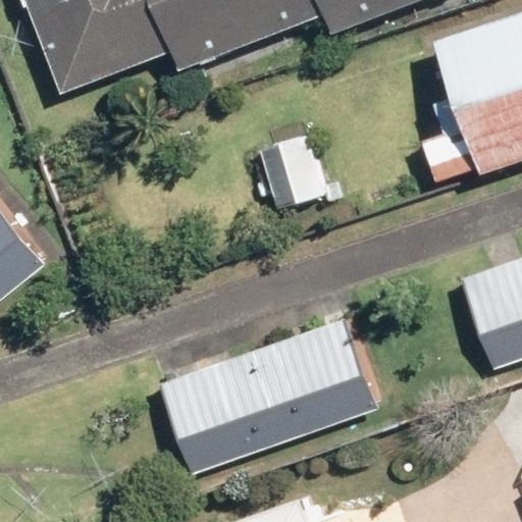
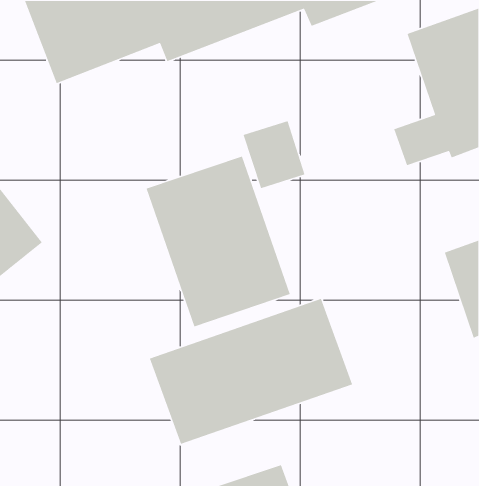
building: none -> [146,156,291,327]

